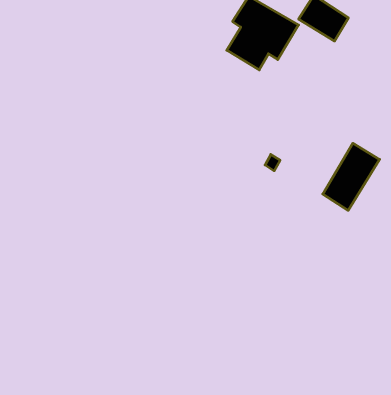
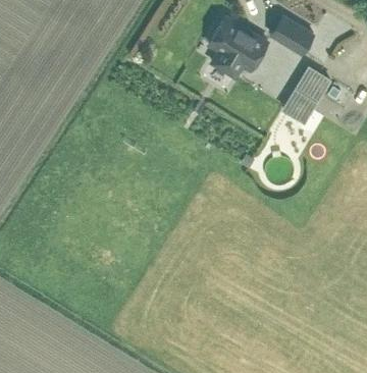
building: [323,143,380,210] -> [281,66,331,125]

